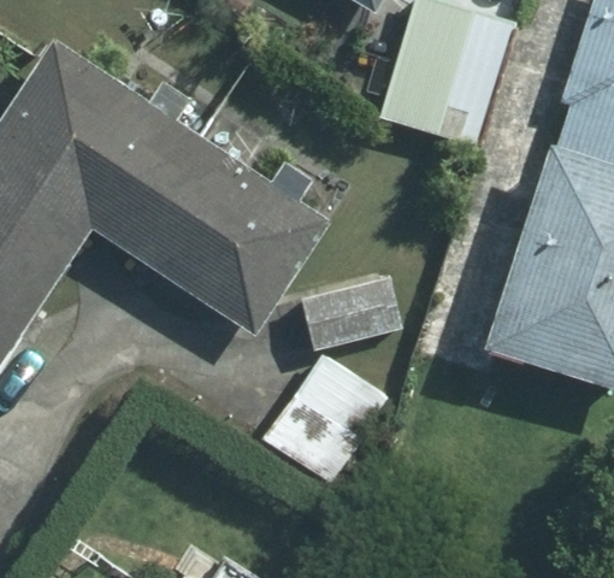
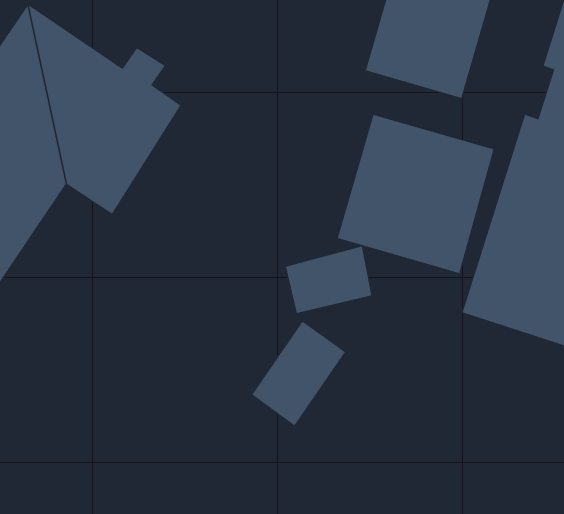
building: [134,143,325,332] -> none
building: none -> [337,114,494,274]

